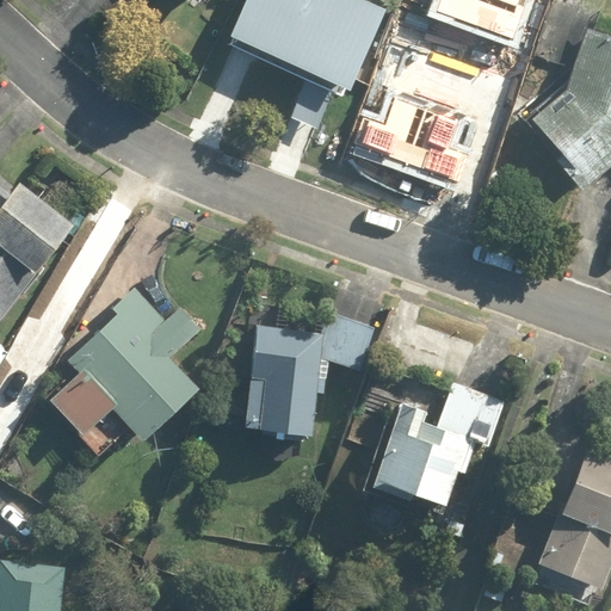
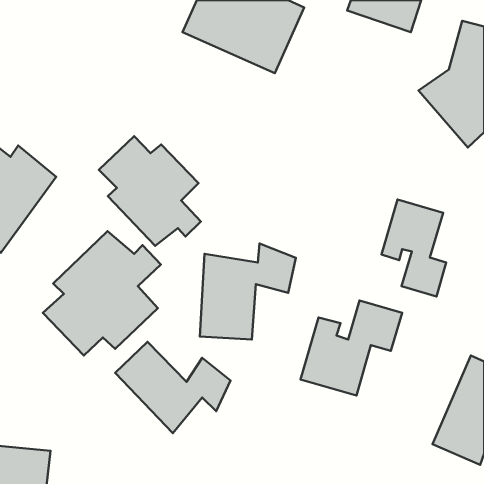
building: [350,99,465,189] -> none
building: none -> [99,136,201,246]
building: none -> [382,199,446,296]
building: none -> [115,342,230,433]

